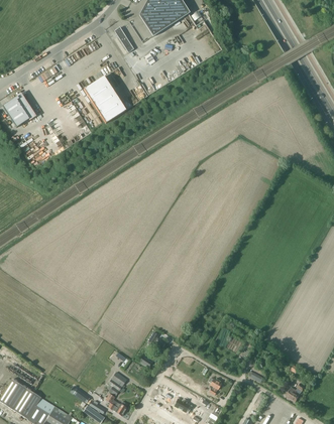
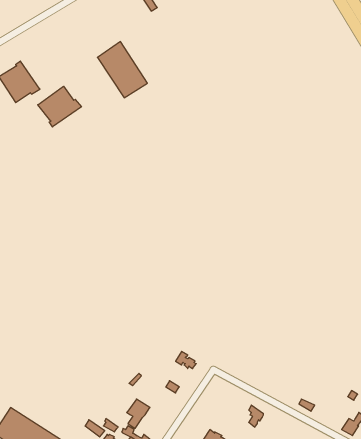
building: none -> [38,86,81,127]

